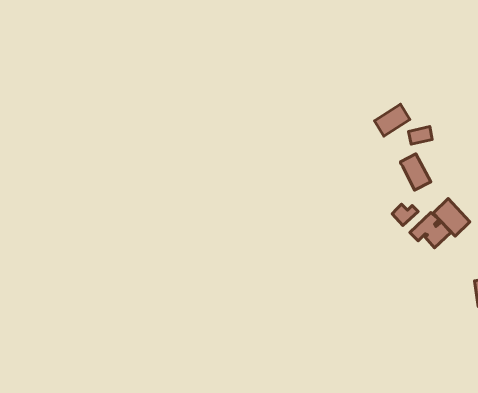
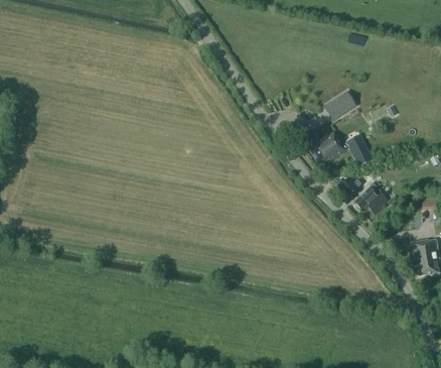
building: none -> [309,131,348,164]
building: [433,199,470,236] -> none

